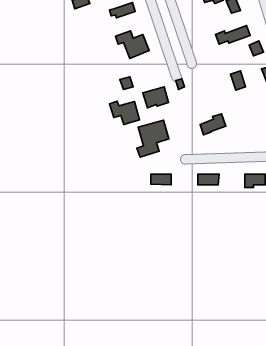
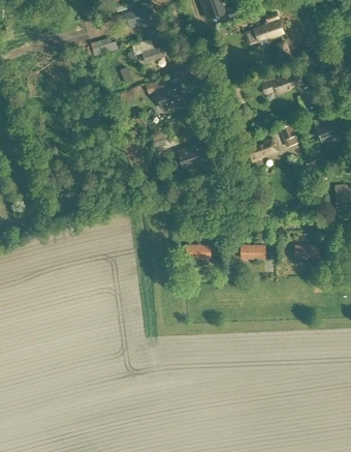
building: [109,101,140,125] -> none
building: [200,114,226,135] -> [248,138,278,162]
building: [137,120,169,157] -> none

